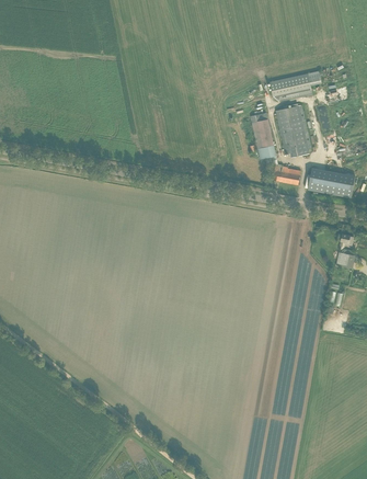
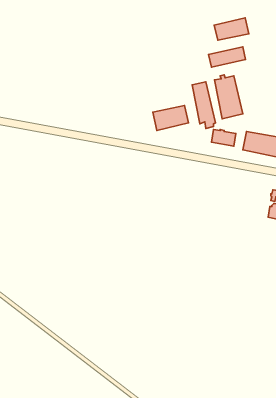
building: none -> [214,18,249,40]
building: none -> [153,106,189,130]

